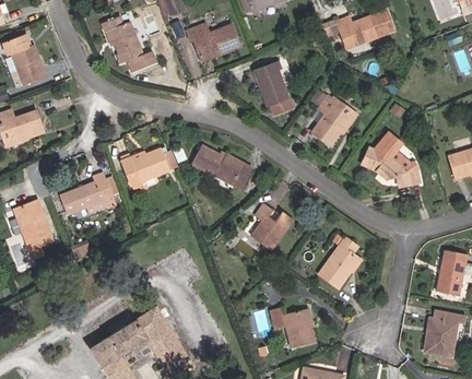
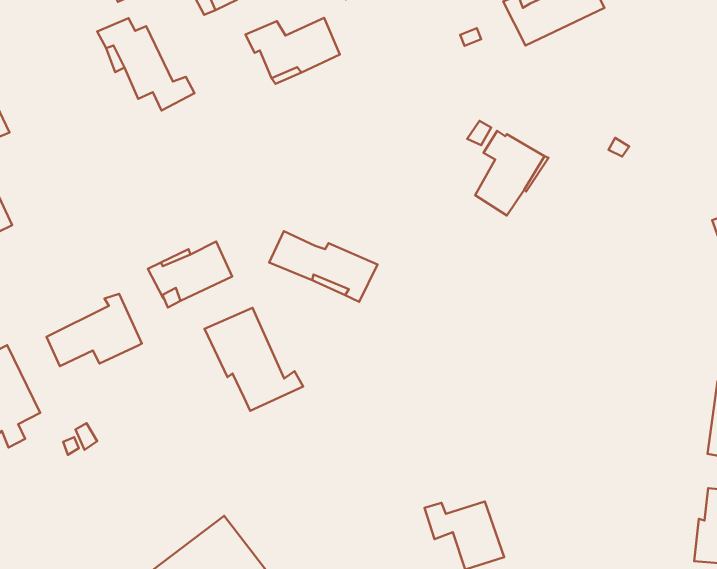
building: [255,61,293,116] -> none
building: [362,131,417,187] -> none
building: none -> [204,308,303,411]
building: [251,203,293,250] -> none
building: [319,234,359,287] -> none

